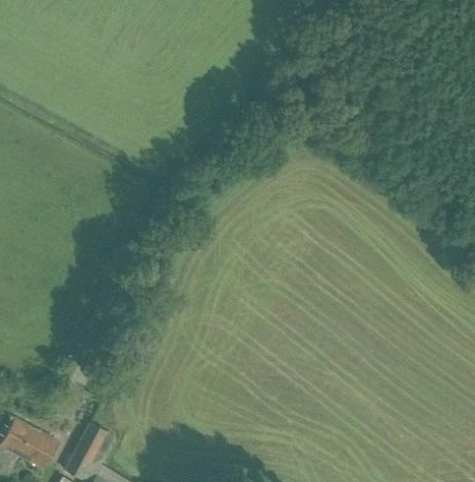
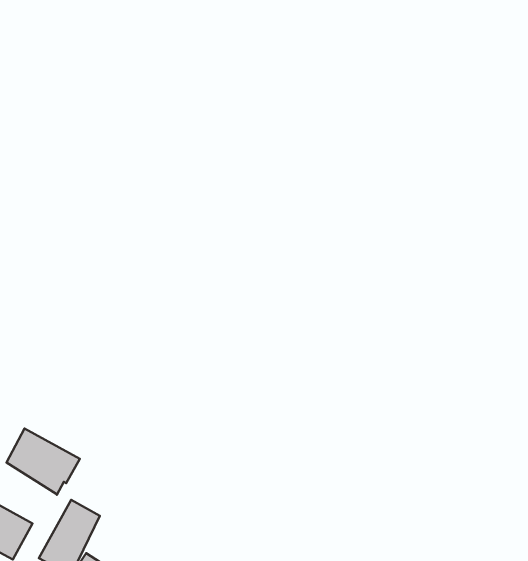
building: none -> [6,429,80,495]

